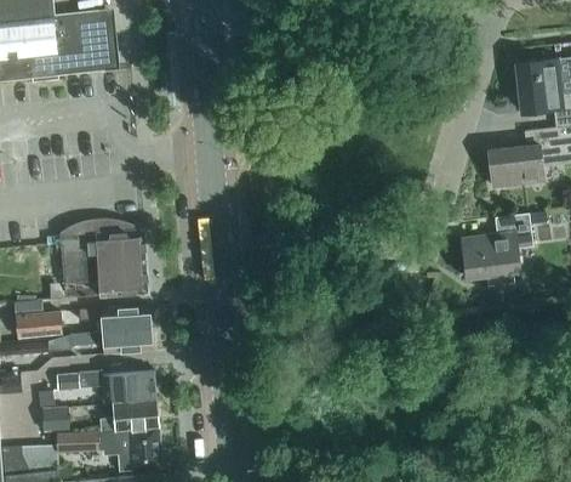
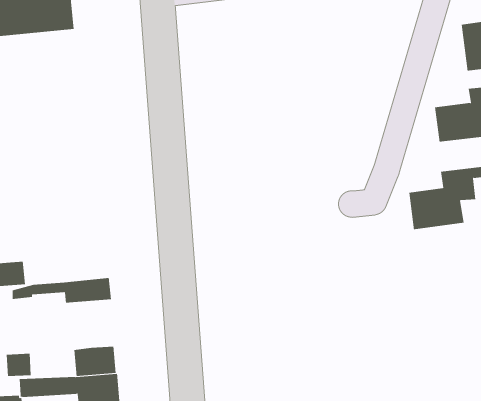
building: [59,221,147,296] -> none
building: [84,306,149,333] -> none
building: [64,372,154,401] -> none

